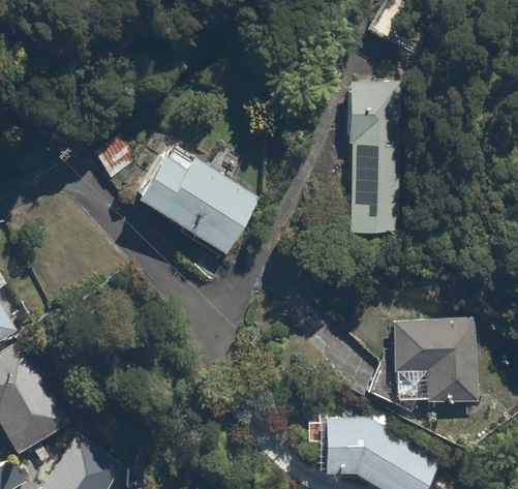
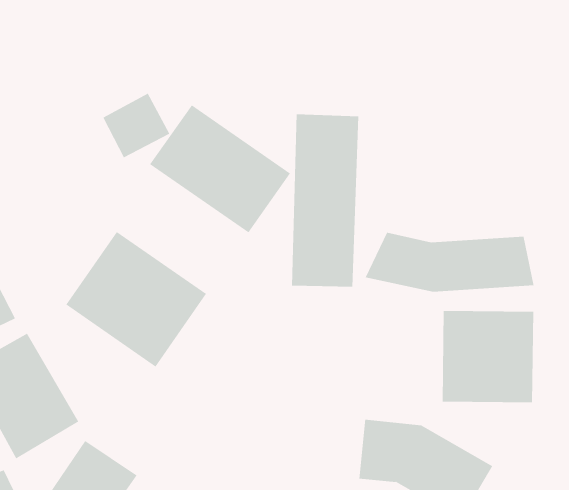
building: [346,80,406,233] -> [291,114,359,287]
building: none -> [65,231,207,367]
building: none -> [365,232,534,293]

